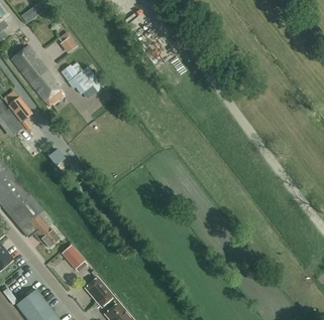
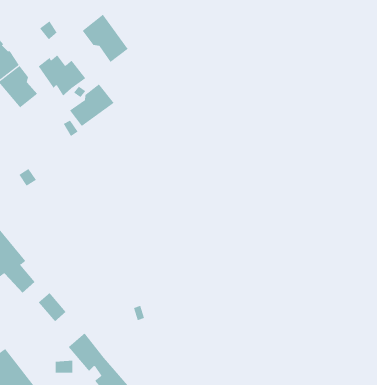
building: none -> [82,14,129,63]
building: none -> [69,84,114,127]

